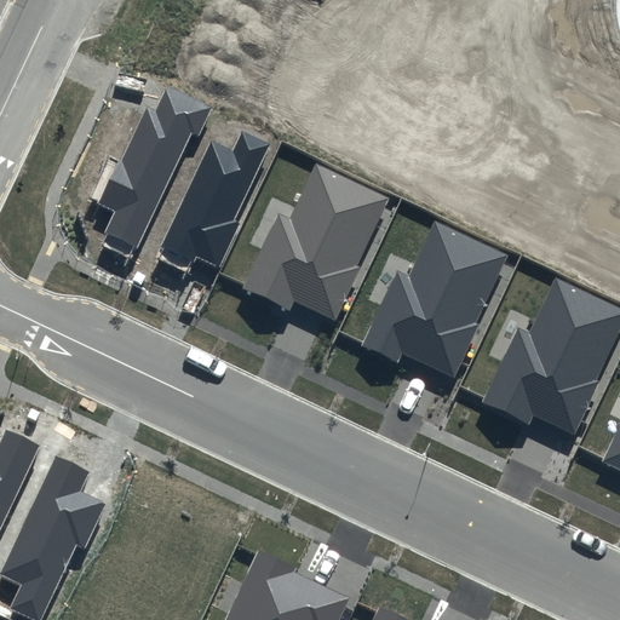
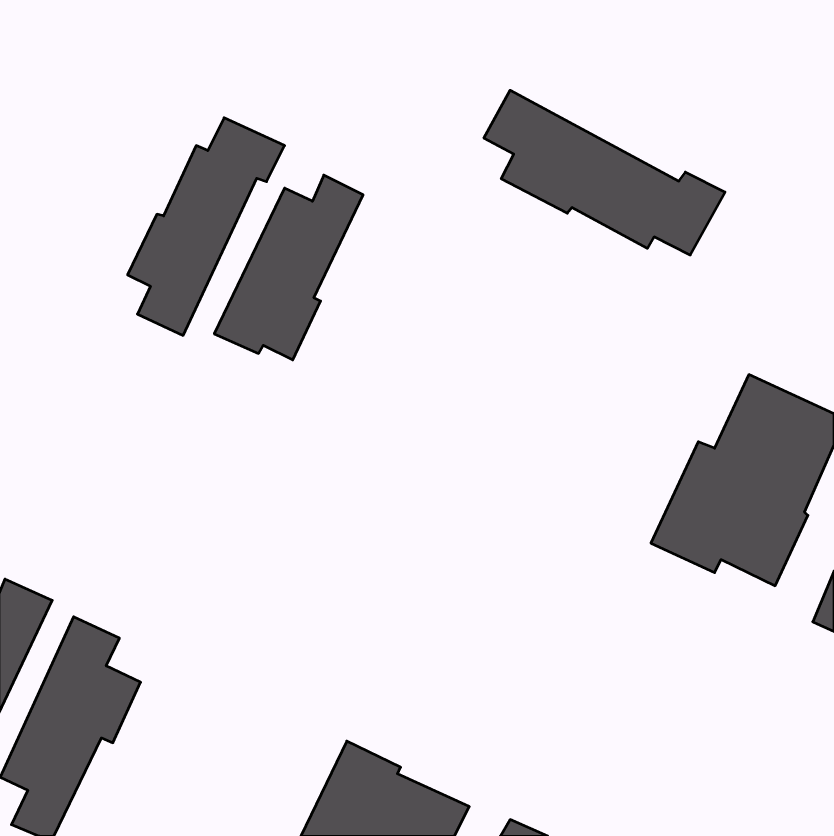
building: none -> [484,90,725,255]
building: [241,163,388,320] -> none
building: [361,220,507,378] -> none

